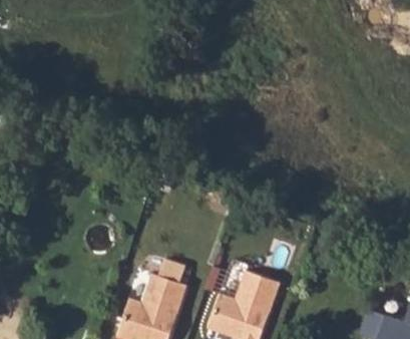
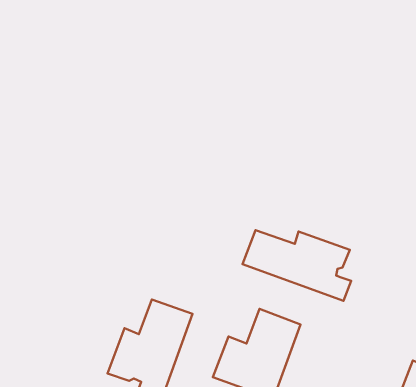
building: none -> [243,230,351,301]

